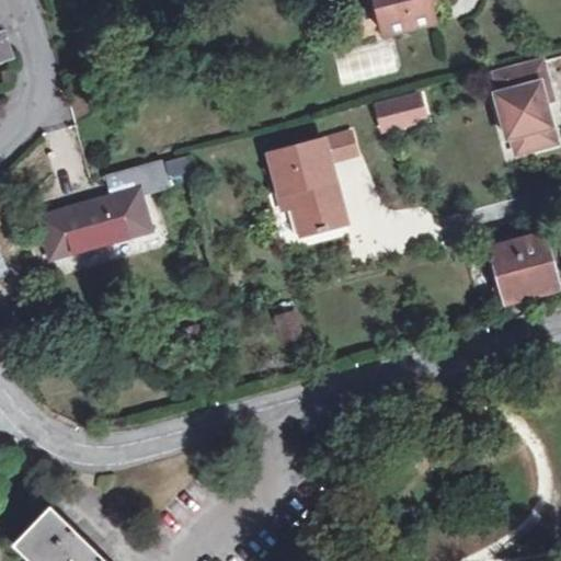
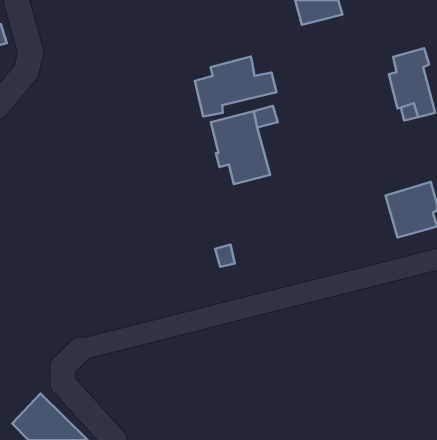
building: none -> [195,57,276,117]
building: [376,98,424,131] -> none
building: [38,161,167,257] -> none

